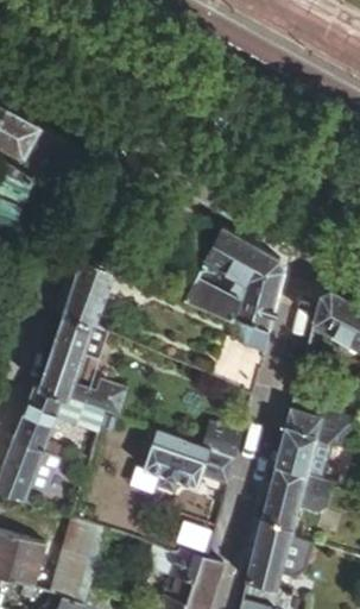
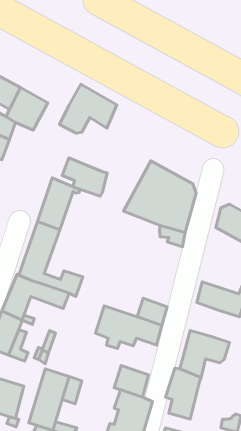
building: none -> [60,84,117,133]
building: none -> [62,158,107,196]
building: [276,427,315,475] -> none

